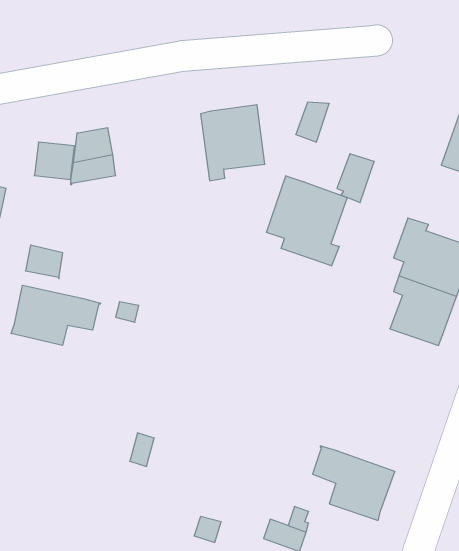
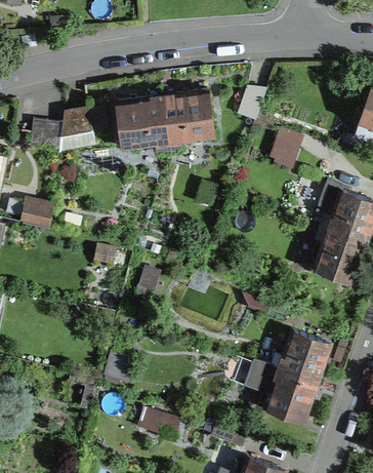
building: none -> [116,97,169,153]
building: [267,176,347,266] -> none
building: [11,285,101,345] -> none
building: none -> [271,330,330,383]

